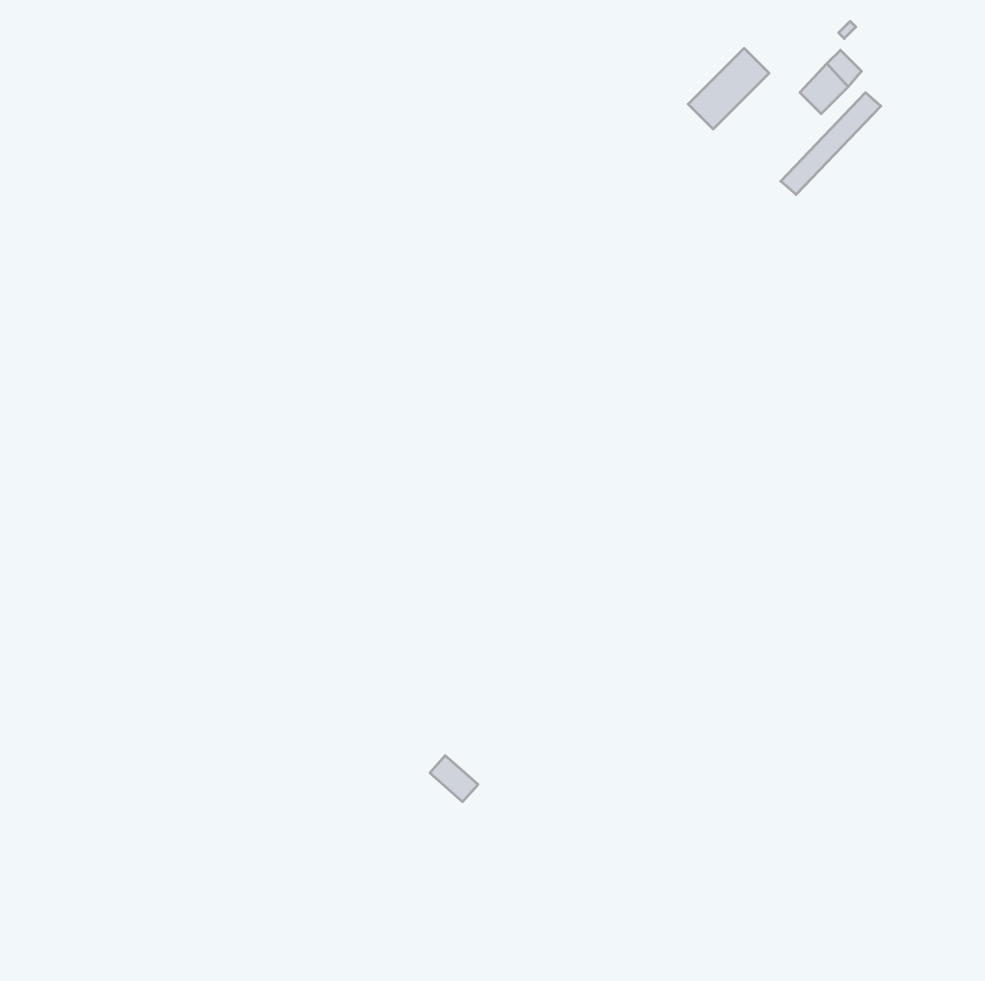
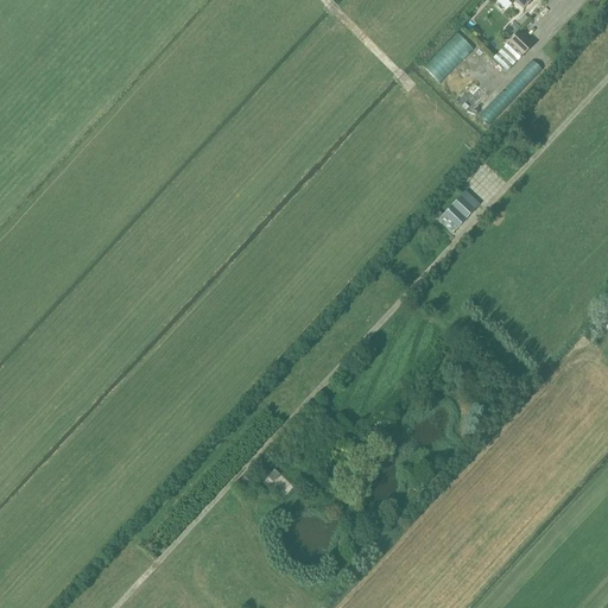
building: none -> [433,190,480,233]

